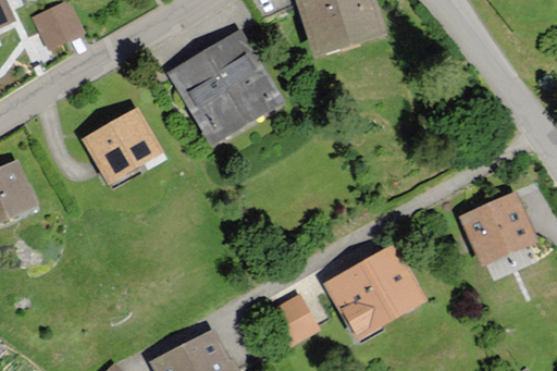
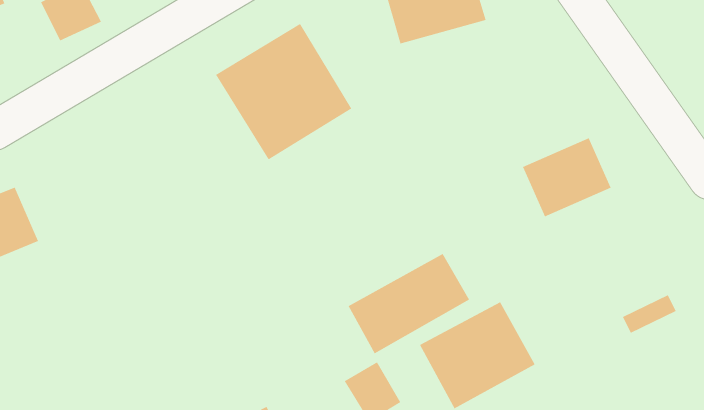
building: [87,114,157,178] -> none
building: [463,197,533,259] -> [522,138,612,217]
building: none -> [348,253,470,354]

